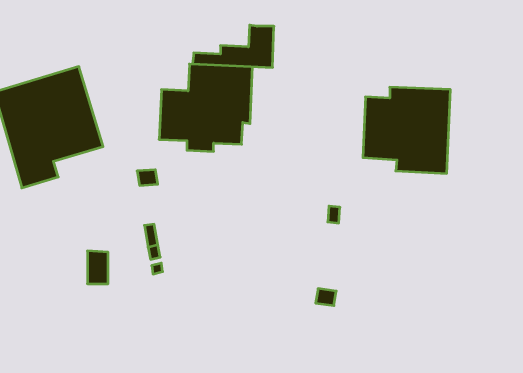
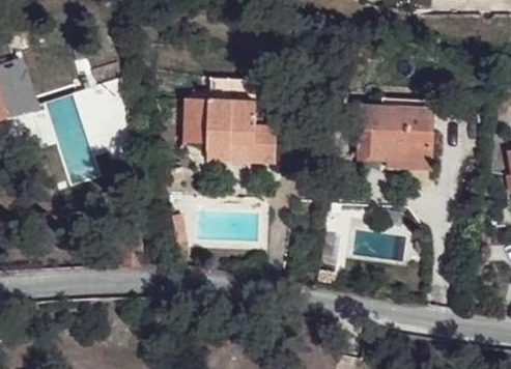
building: [193,25,274,67] -> [206,129,276,165]

